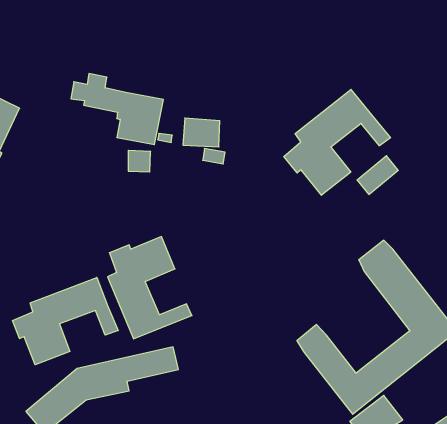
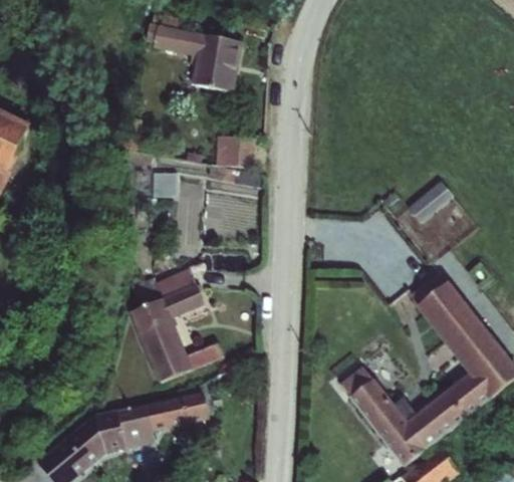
building: [71,74,163,145] -> [140,13,243,92]
building: [284,89,390,195] -> none
building: [12,277,118,365] -> none

